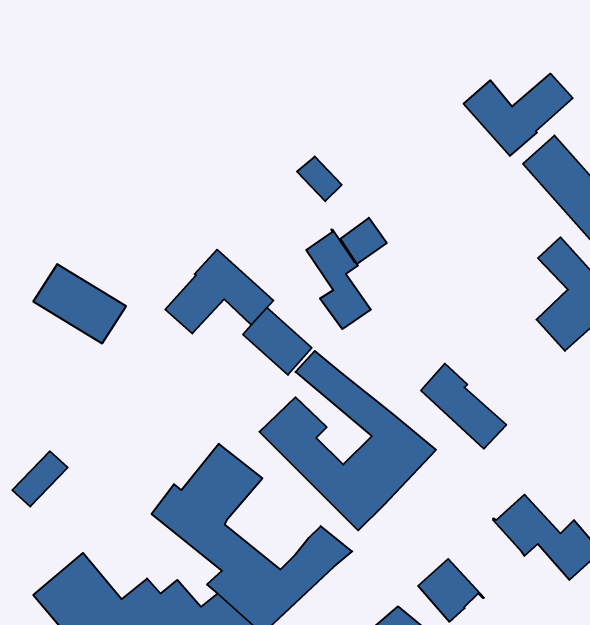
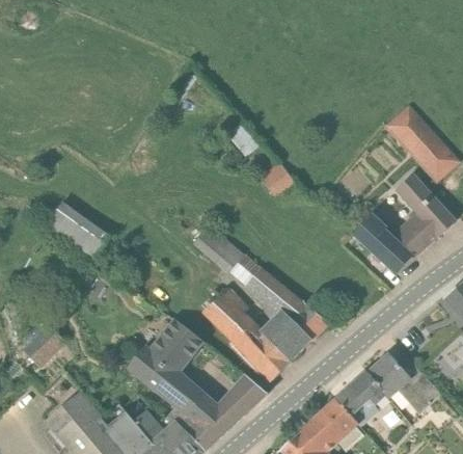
building: [464,74,573,156] -> none
building: [306,229,371,329] -> none
building: [165,250,273,334] -> none
building: [421,364,506,449] -> [353,214,412,273]
building: none -> [334,372,385,426]

